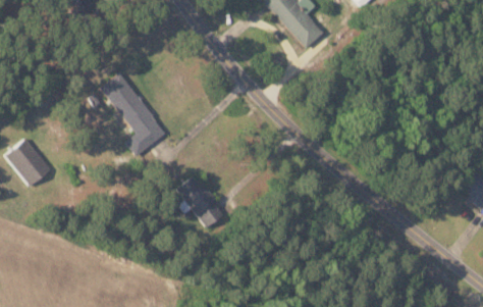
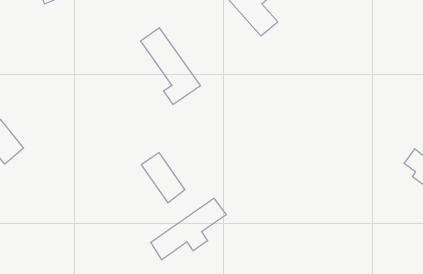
building: [102,72,166,155] -> [141,28,200,105]
building: none -> [151,198,226,260]

